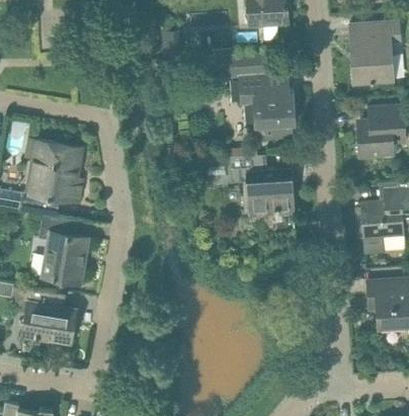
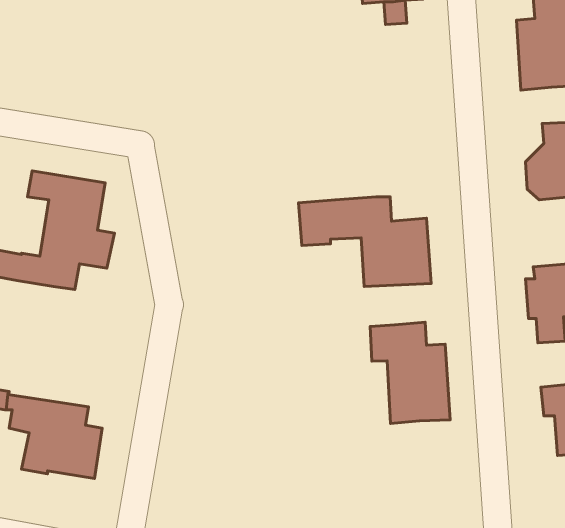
building: [208,53,296,140] -> none
building: [38,215,88,282] -> none
building: none -> [370,322,450,423]

